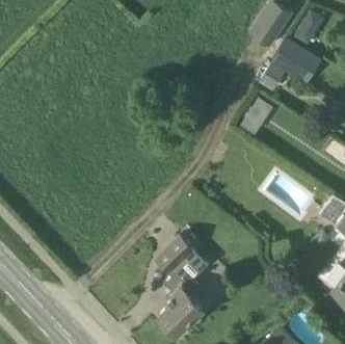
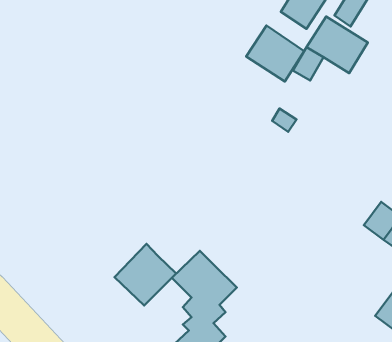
building: none -> [246,25,304,82]
building: none -> [114,244,176,306]

